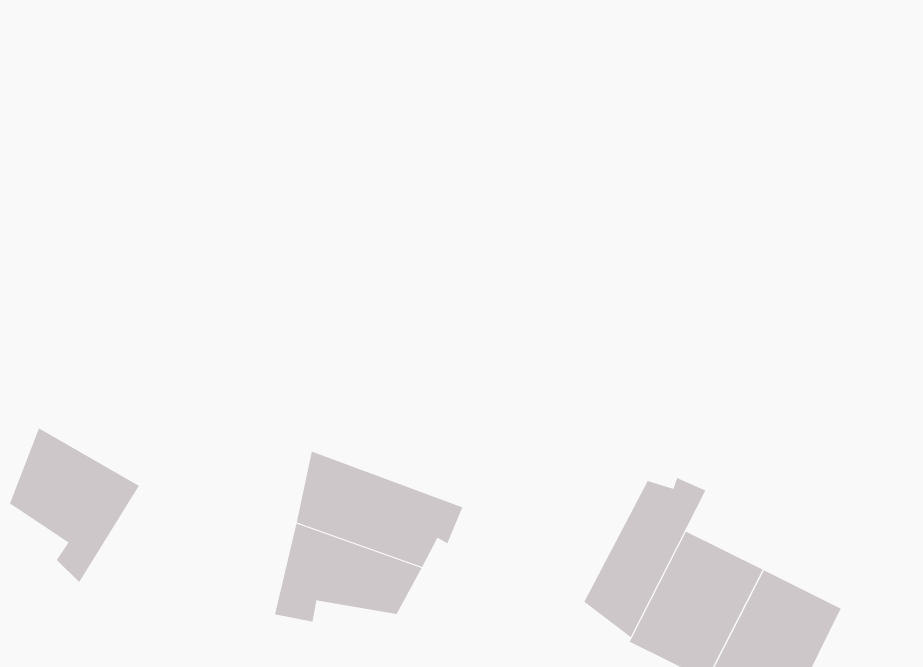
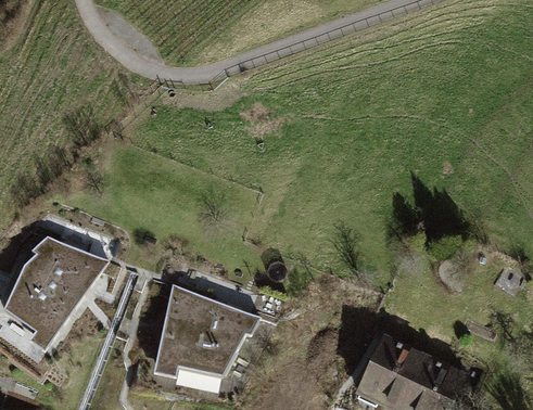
building: none -> [22,239,106,305]
building: [584,477,706,638] -> none

